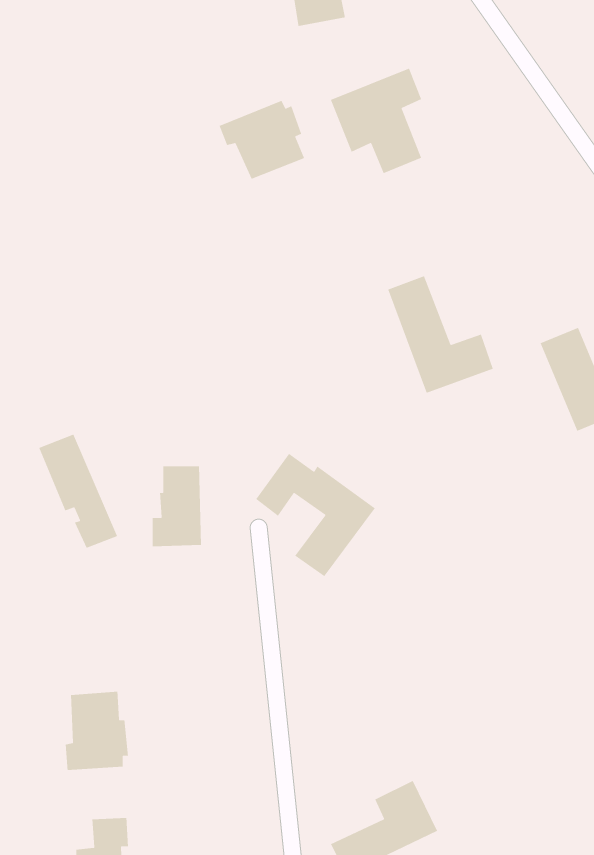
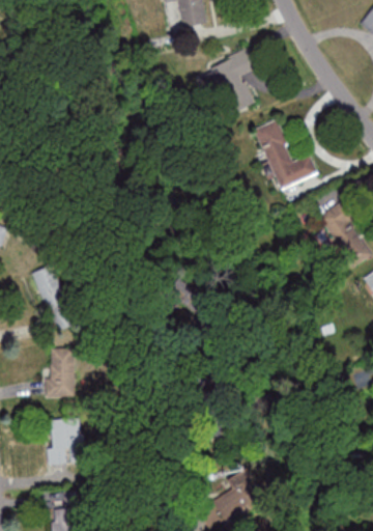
building: [218,100,305,180] -> none
building: [387,275,494,394] -> [255,120,317,190]
building: [152,466,202,547] -> [44,347,73,395]

